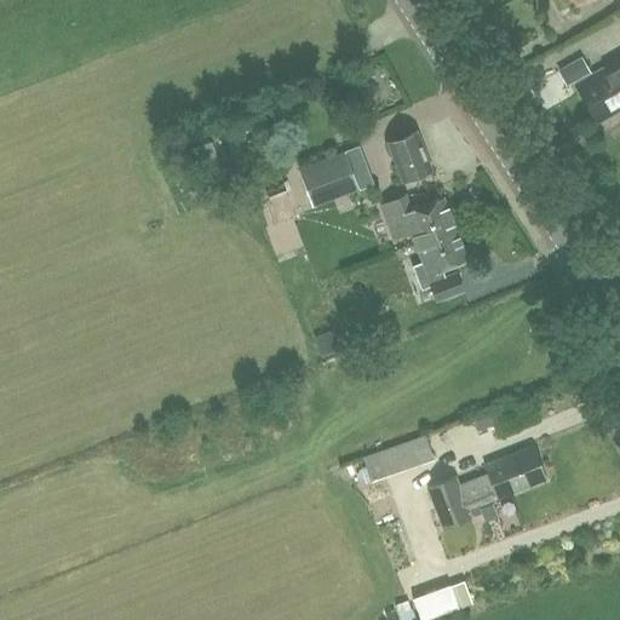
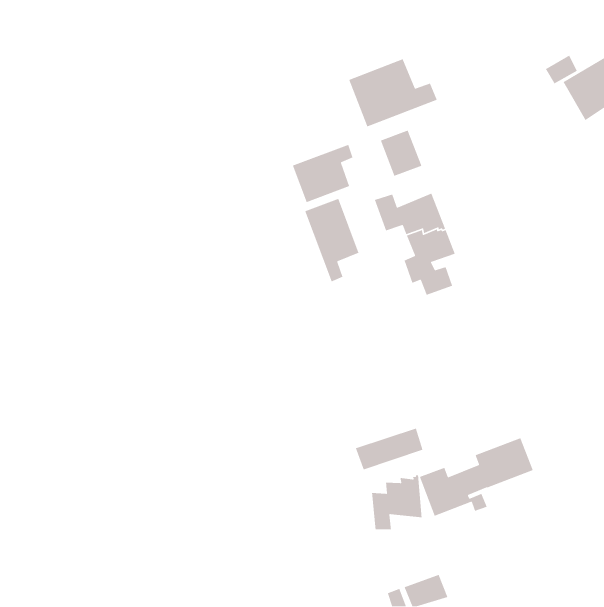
building: none -> [348,58,438,128]
building: none -> [304,198,359,282]
building: none -> [371,475,423,530]

